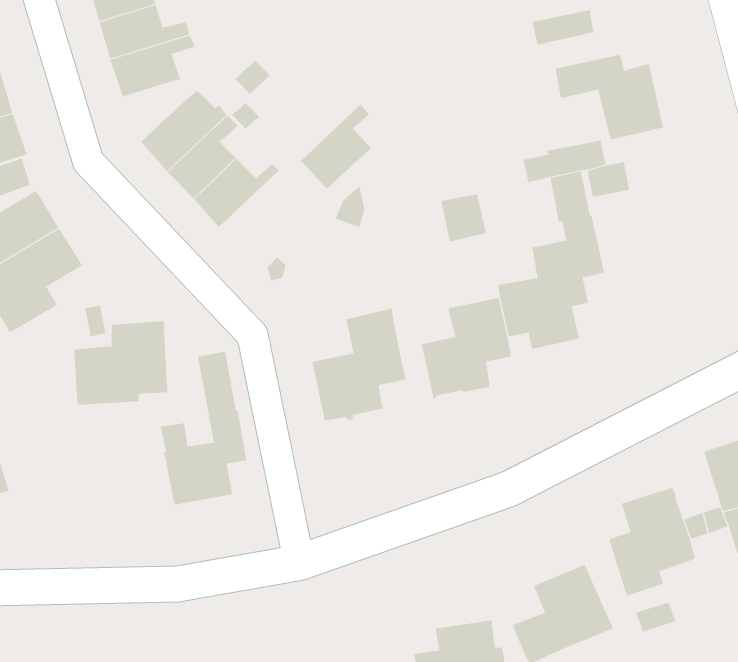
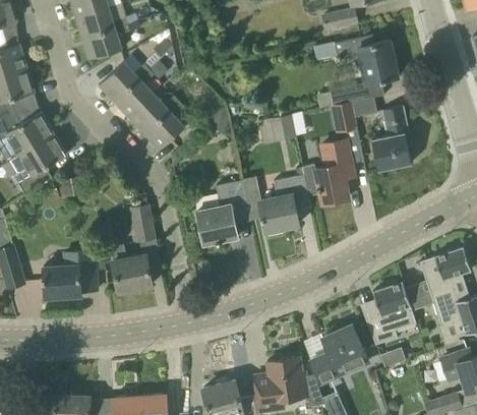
building: [300,104,372,189] -> [143,102,184,151]
building: none -> [371,106,412,171]
building: [73,321,168,405] -> [43,250,97,298]

